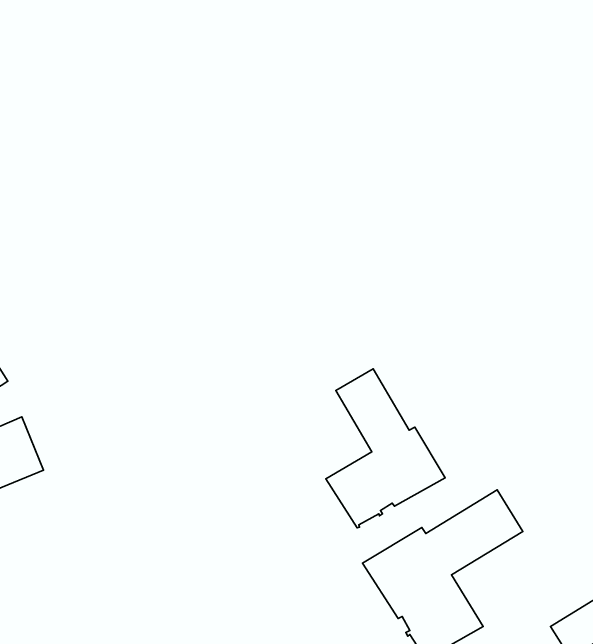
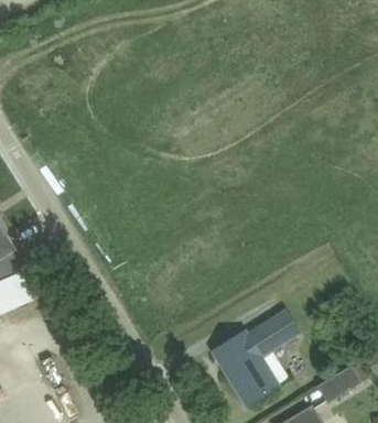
building: [326,369,445,528] -> none

